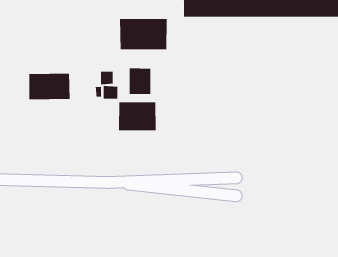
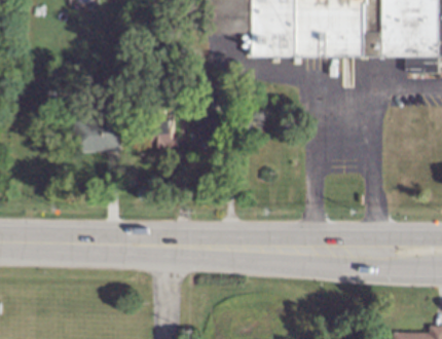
building: [119,18,167,50] -> none
building: [118,102,157,131] -> none

